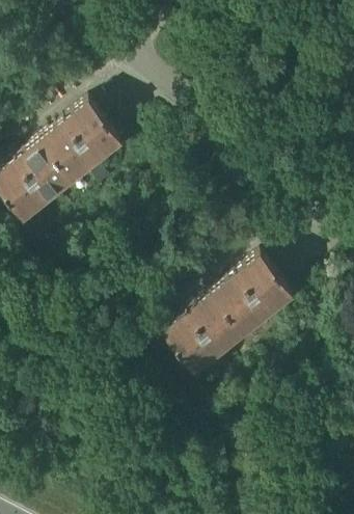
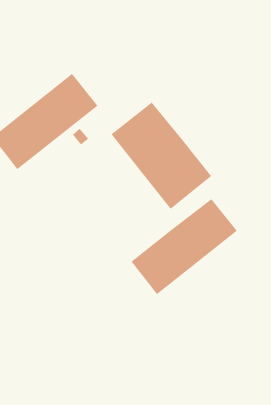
building: none -> [111,102,212,210]

